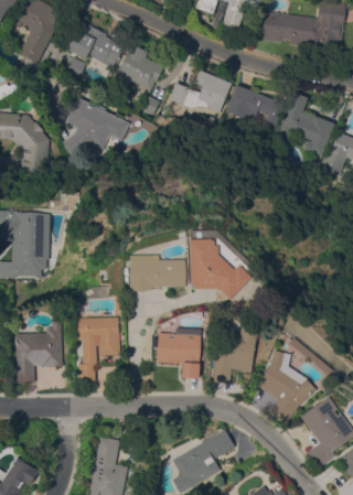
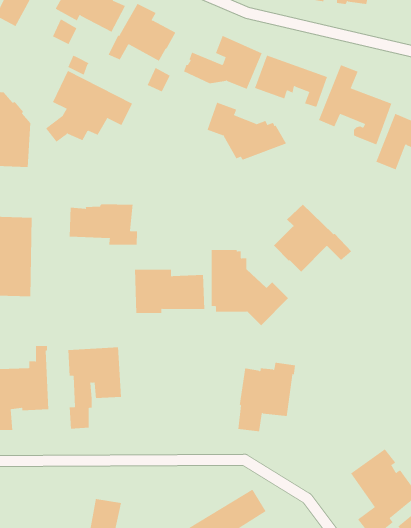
building: none -> [207,102,287,160]
building: none -> [69,204,138,245]
building: none -> [273,204,352,272]
building: [158,327,202,378] -> none
building: [257,351,317,422] -> none

